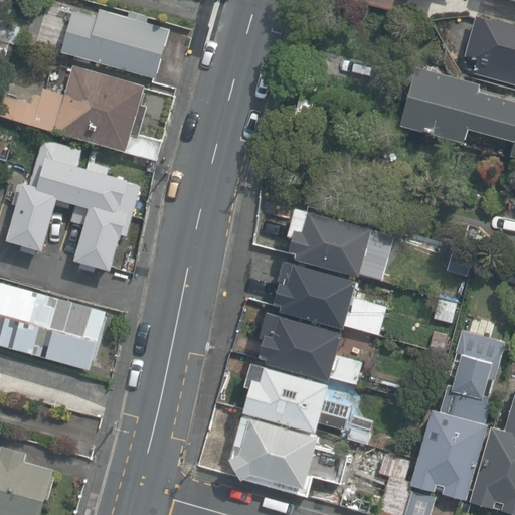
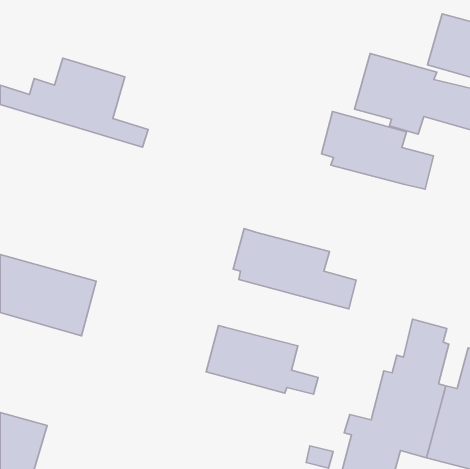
building: [65,15,172,82] -> none
building: [9,138,132,269] -> none
building: [271,198,392,283] -> [321,111,433,189]
building: [242,306,355,386] -> none
building: [211,408,353,495] -> none

